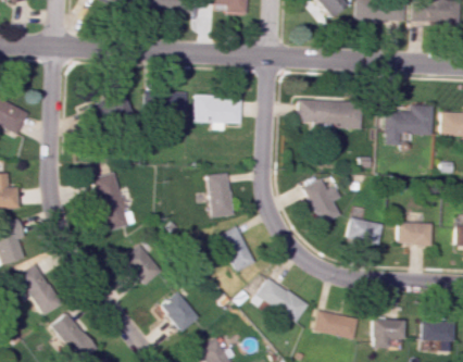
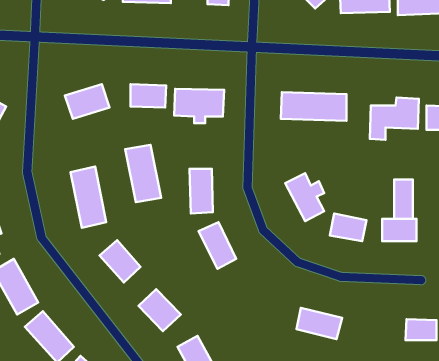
building: none -> [125,145,161,202]
building: none -> [394,179,413,219]
building: [252,277,309,323] -> none
building: [372,320,404,348] -> none

